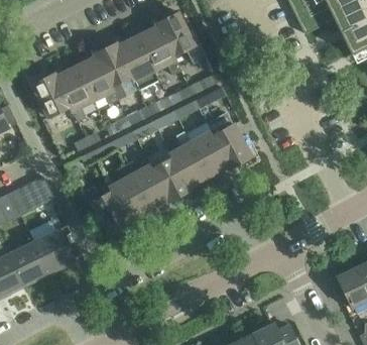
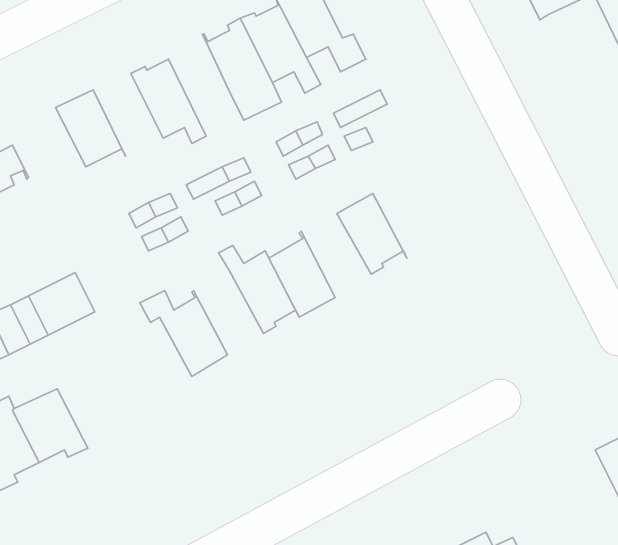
building: [94,42,131,100] -> none
building: [53,65,93,111] -> none
building: [211,124,251,168] -> none
building: [170,143,210,191] -> none
building: [110,165,149,223] -> none
building: [33,229,74,275] -> none

